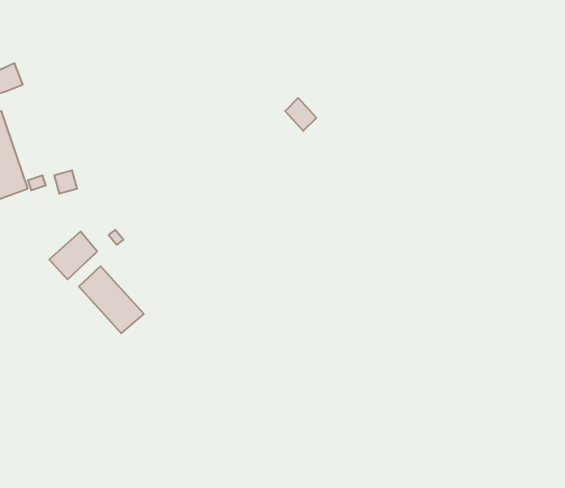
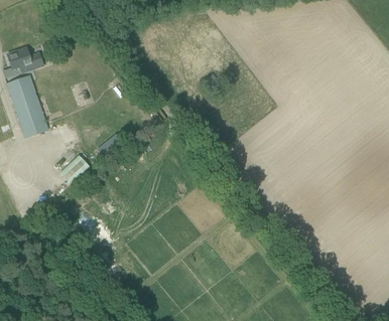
building: [79,266,144,333] -> none

